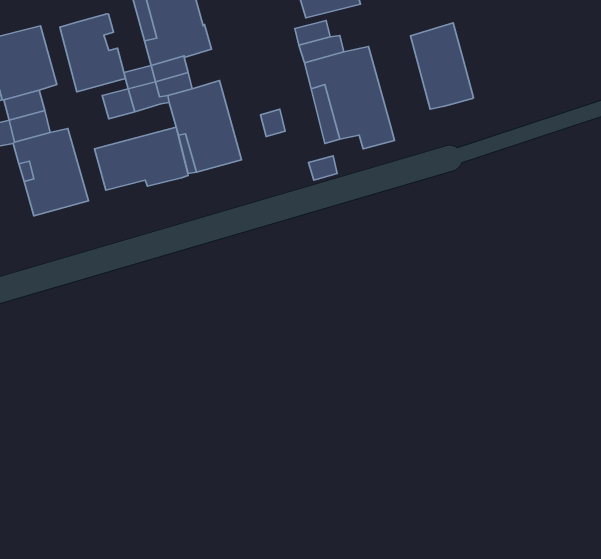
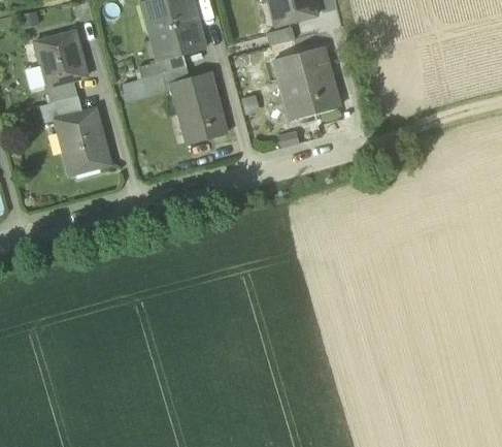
building: [60,14,125,92] -> none
building: [410,23,474,109] -> none
building: [95,127,188,190] -> none

